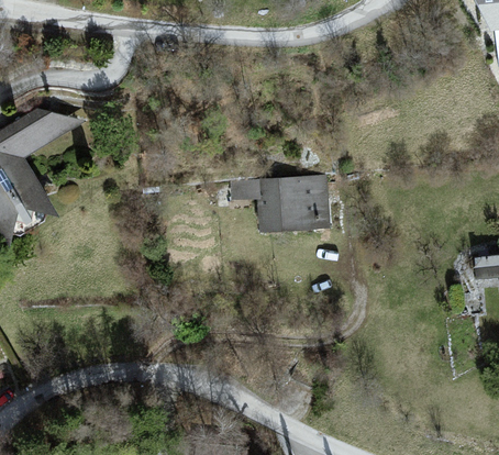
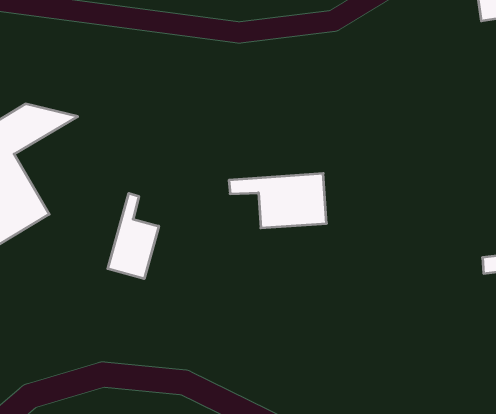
building: none -> [108,193,159,279]

